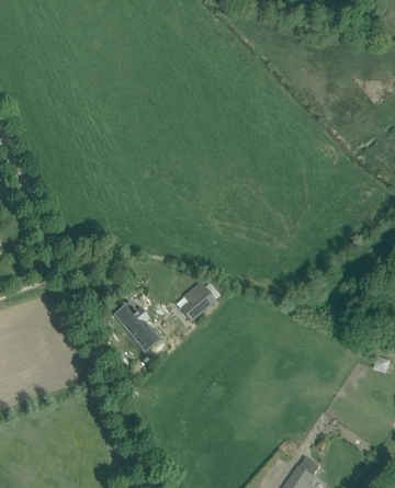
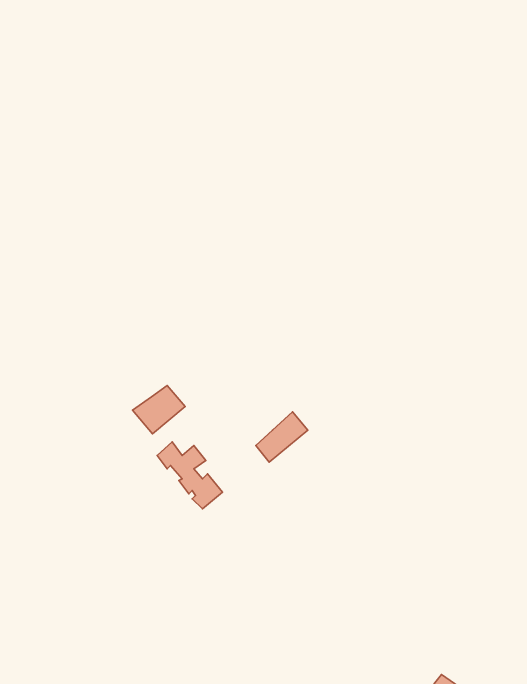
building: none -> [133,385,185,434]

